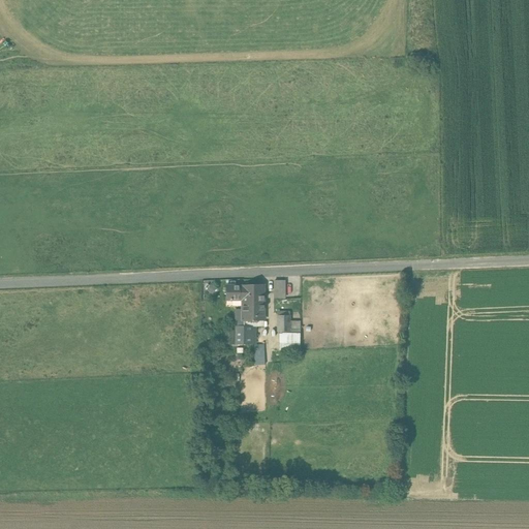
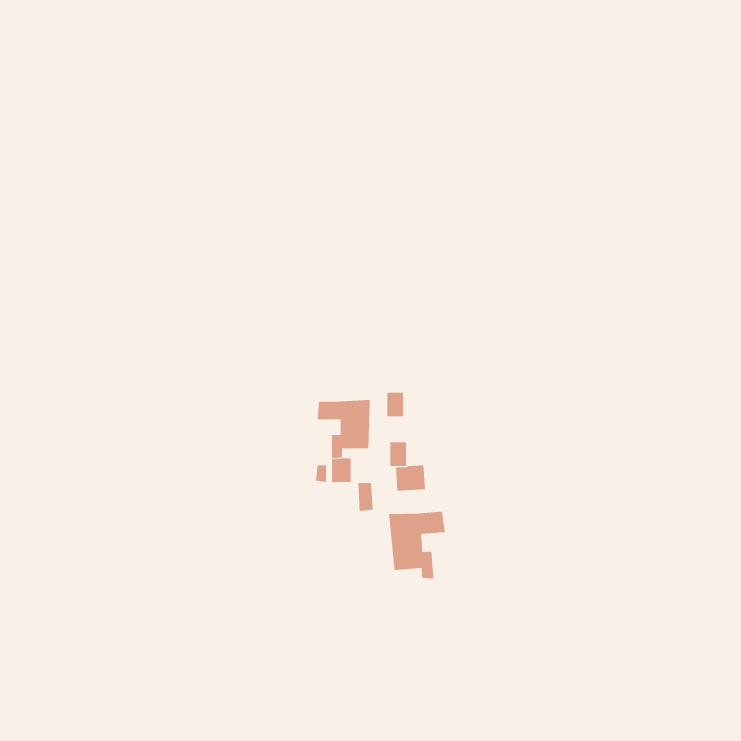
building: none -> [388,511,445,579]

